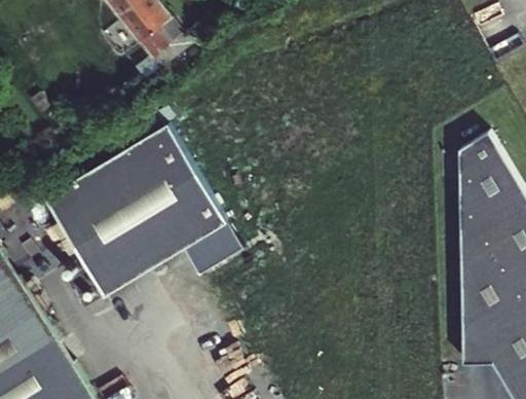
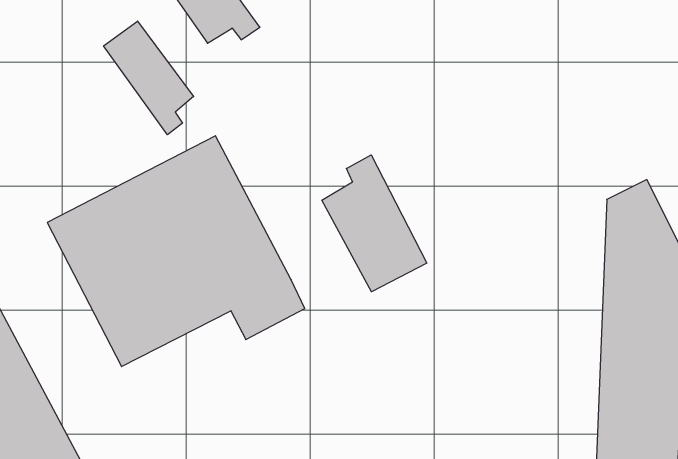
building: none -> [104,21,194,135]
building: none -> [322,155,427,292]

